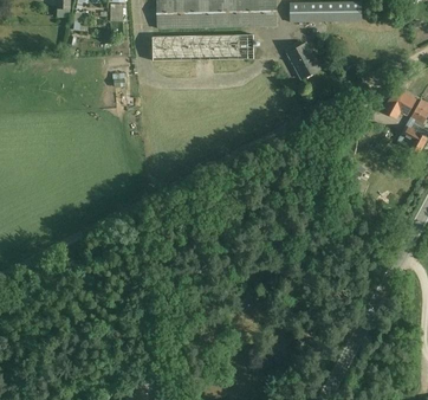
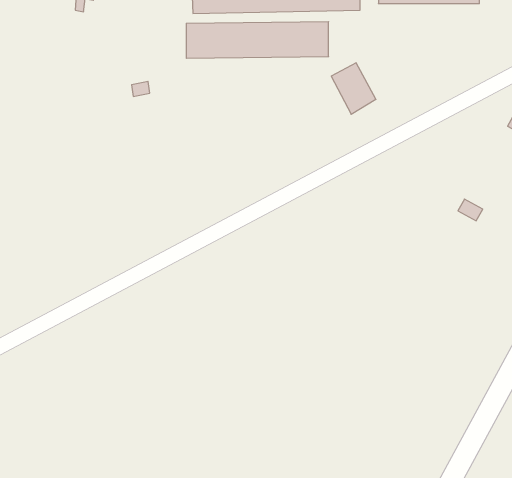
building: [287,43,319,79] -> [331,63,376,114]

